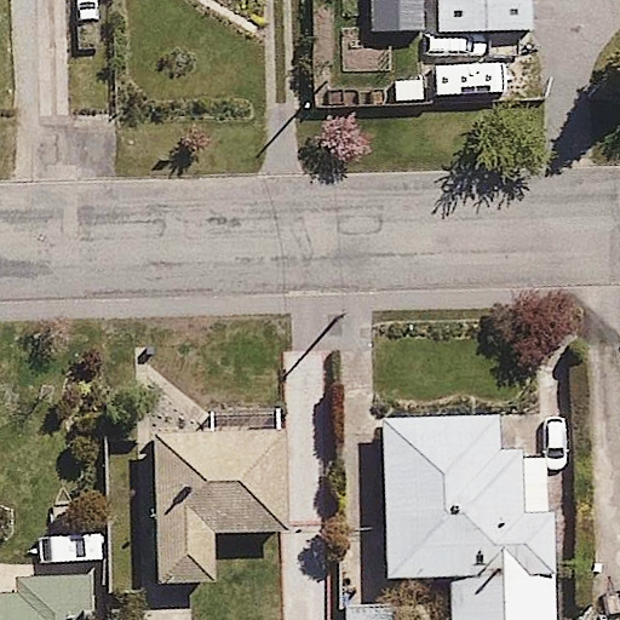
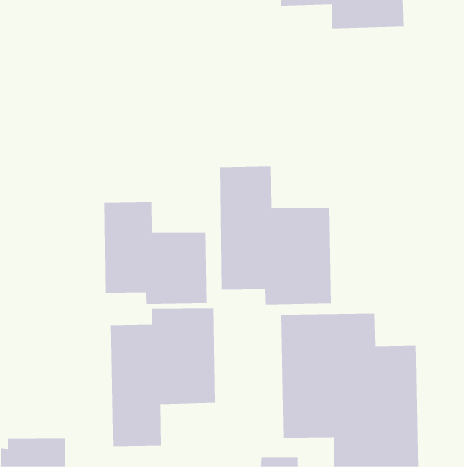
building: none -> [219,166,331,305]
building: none -> [104,201,207,305]

